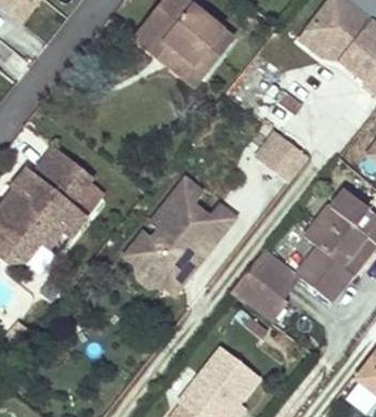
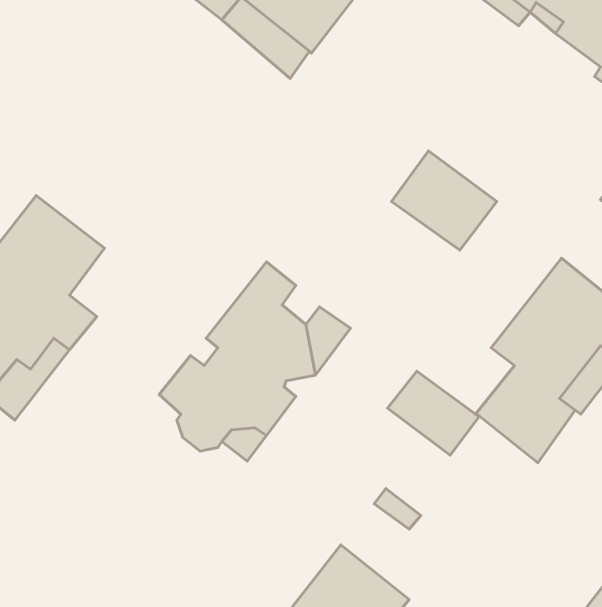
building: [231,268,287,320] -> none

